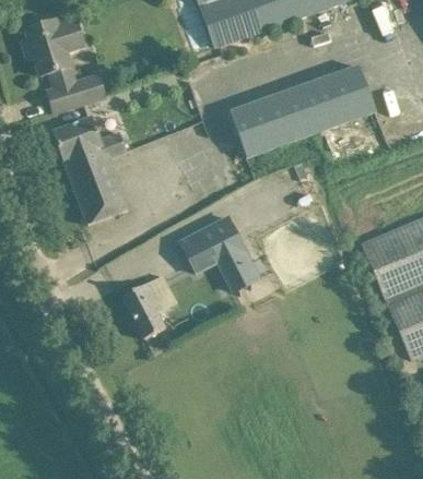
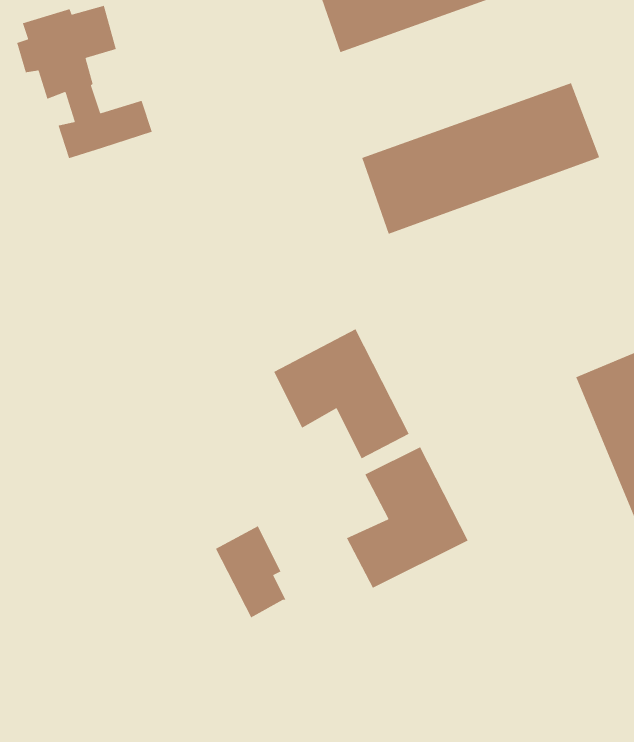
building: [52,115,128,223] -> none
building: [121,280,165,337] -> [215,525,287,619]
building: none -> [346,446,469,589]

